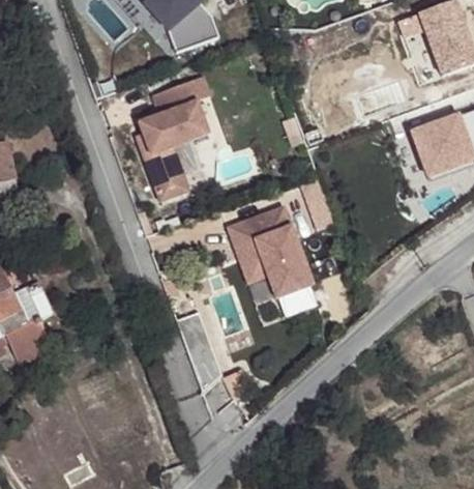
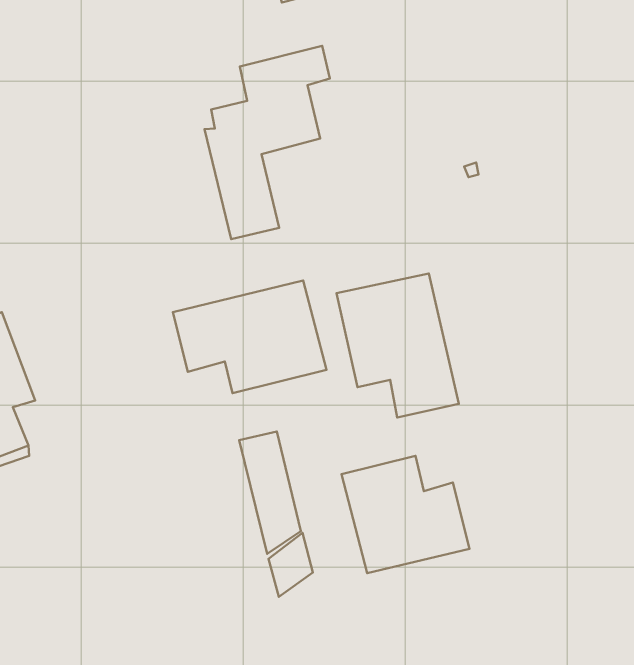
building: none -> [173,281,326,393]
building: none -> [342,456,469,573]

